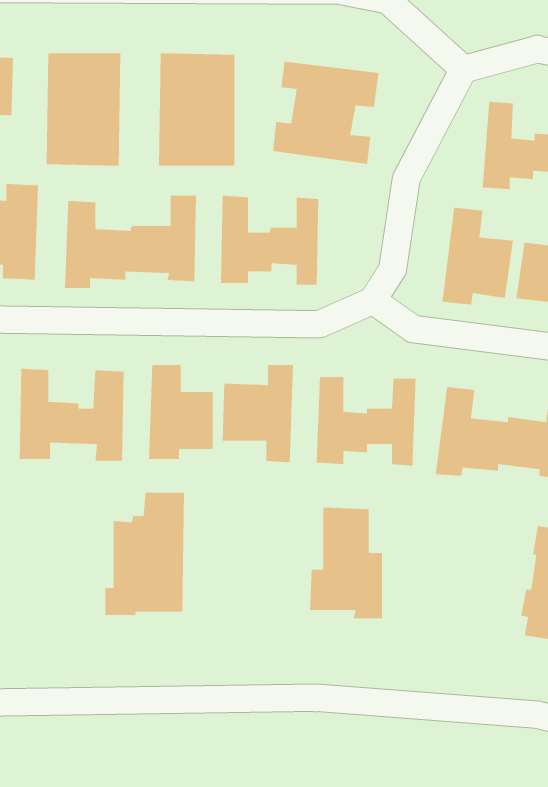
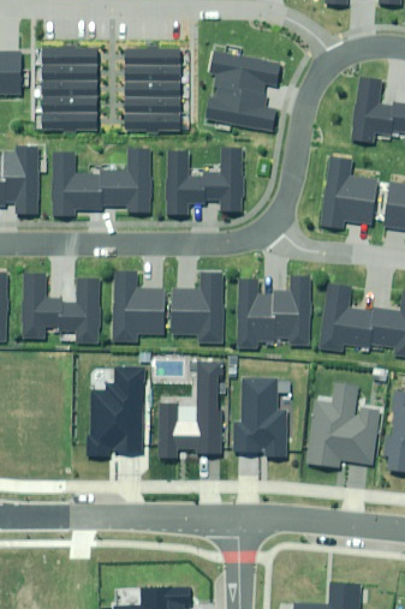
building: none -> [159,358,221,454]
building: none -> [305,380,377,464]

